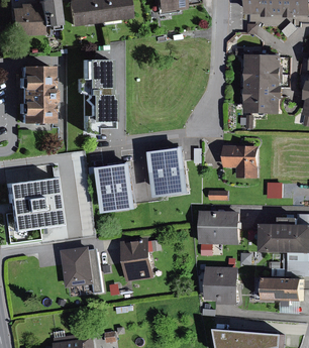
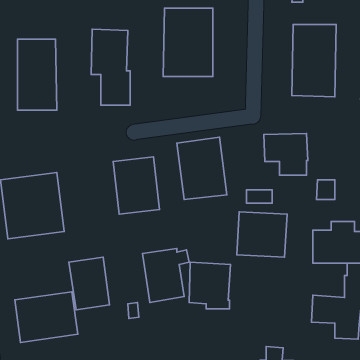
building: none -> [163,8,213,76]
building: [204,265,238,304] -> [189,262,231,309]
building: none -> [15,292,78,342]

